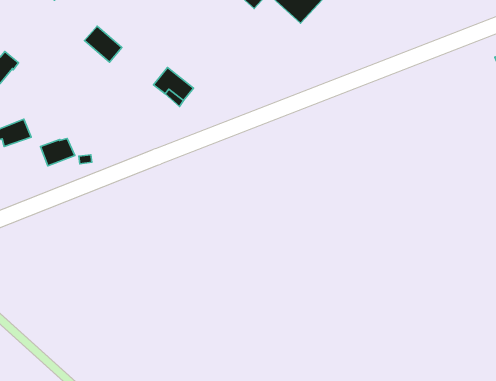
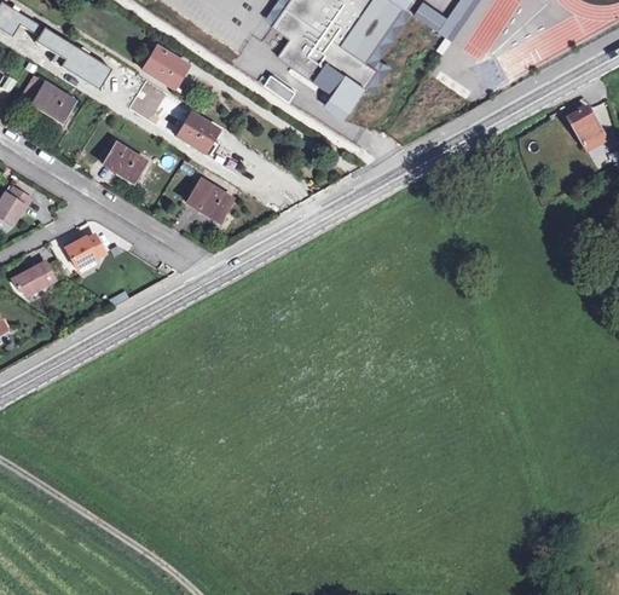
building: none -> [179,112,220,151]
building: [41,138,75,166] -> [65,233,105,267]

